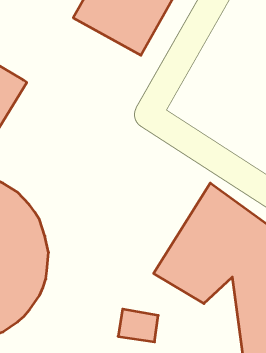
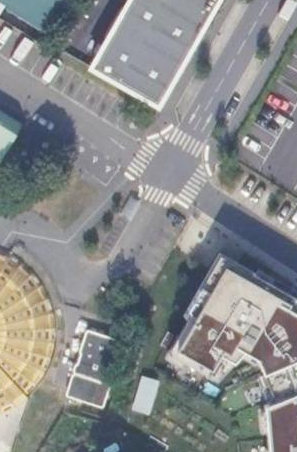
building: none -> [67,327,123,392]

